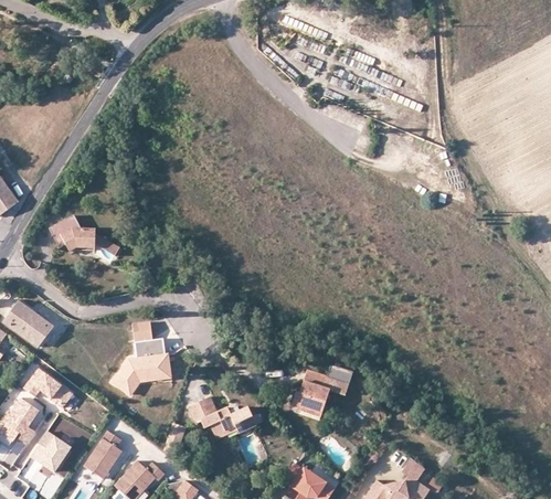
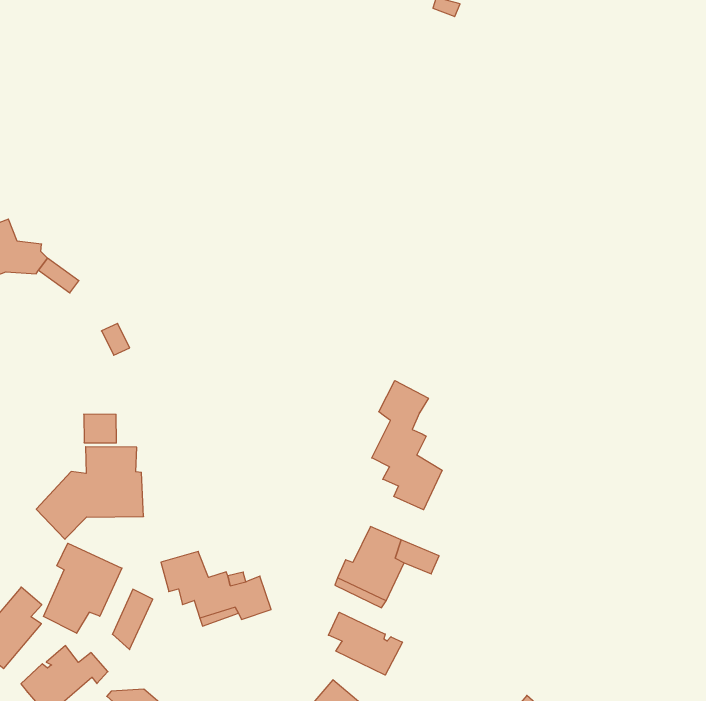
building: none -> [372,381,442,510]
building: none -> [44,543,122,633]
building: none -> [328,612,402,675]

